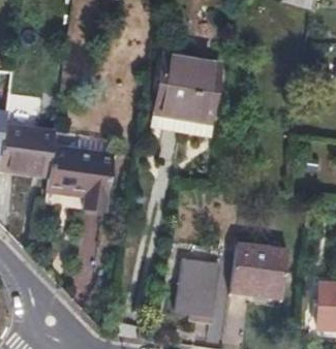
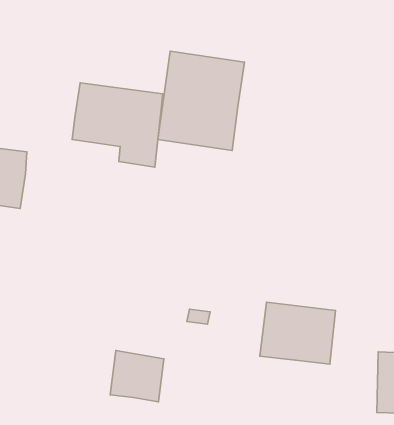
building: [49,149,117,212] -> [72,83,163,167]
building: [177,276,217,314] -> [110,351,164,402]

